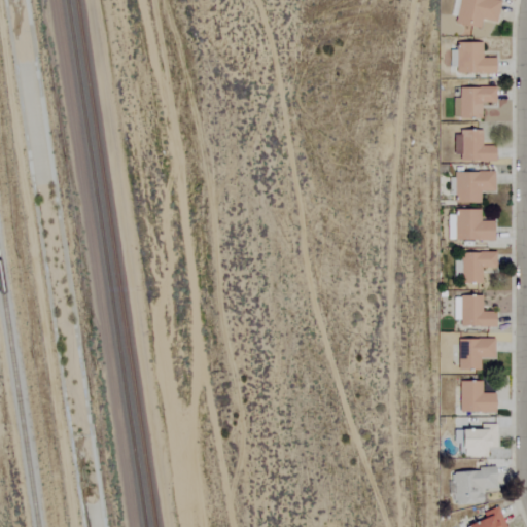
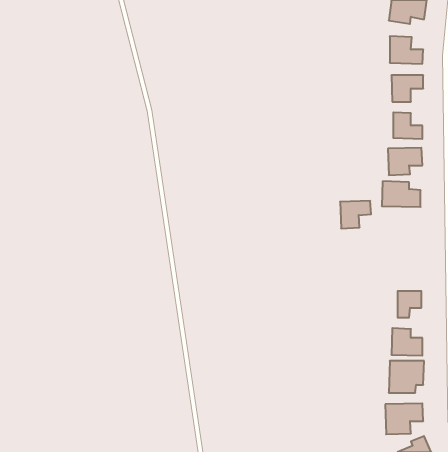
building: [461,252,497,284] -> [340,201,371,228]
building: [455,296,497,327] -> none

